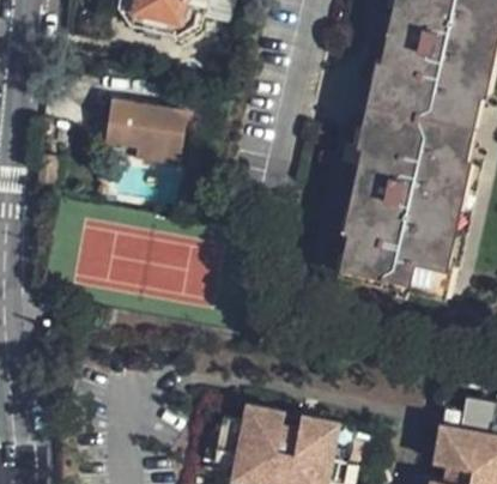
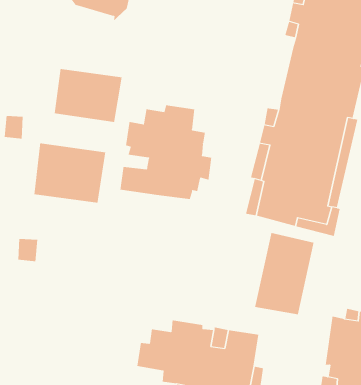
building: none -> [120,105,212,200]
building: none -> [34,143,106,204]
building: none -> [255,232,314,315]

